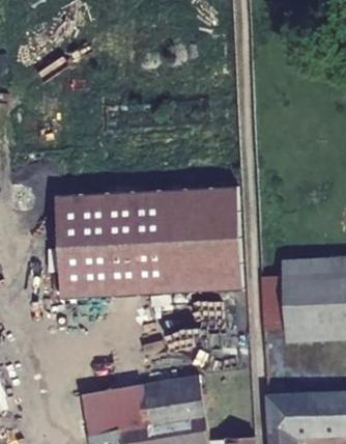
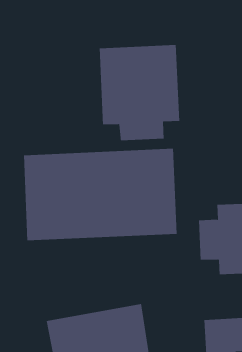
building: none -> [99,44,180,141]

